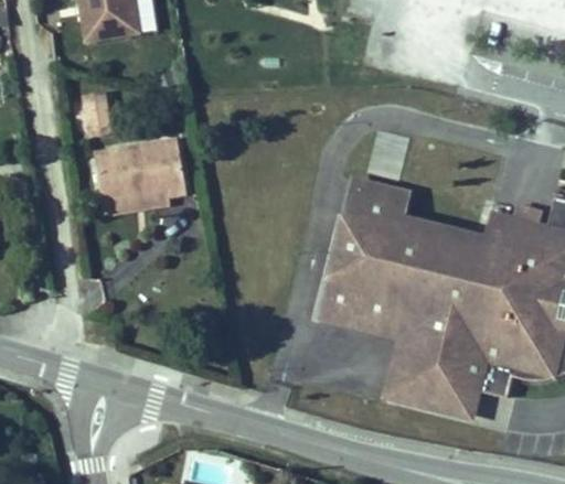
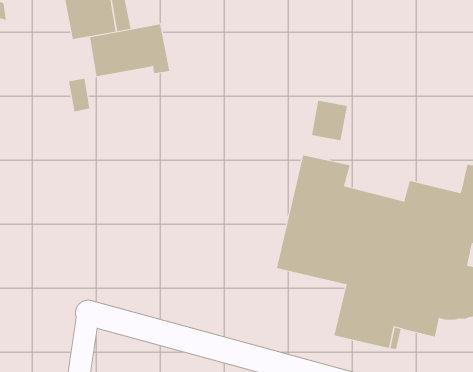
building: [95,139,190,201] -> [89,24,170,77]

